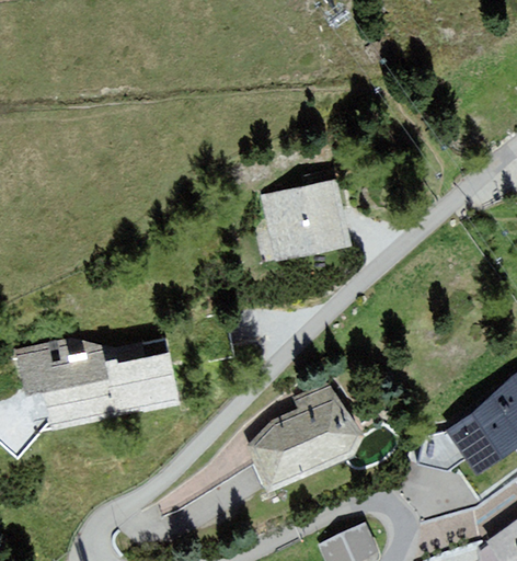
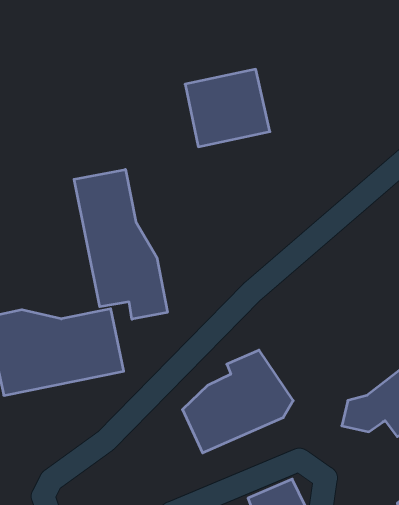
building: [260,179,352,263] -> [185,69,270,147]
building: none -> [74,169,167,319]

